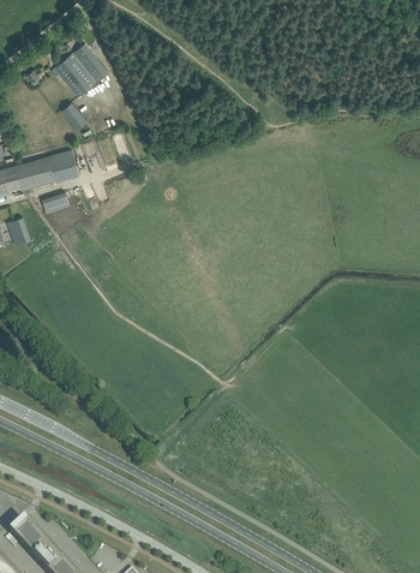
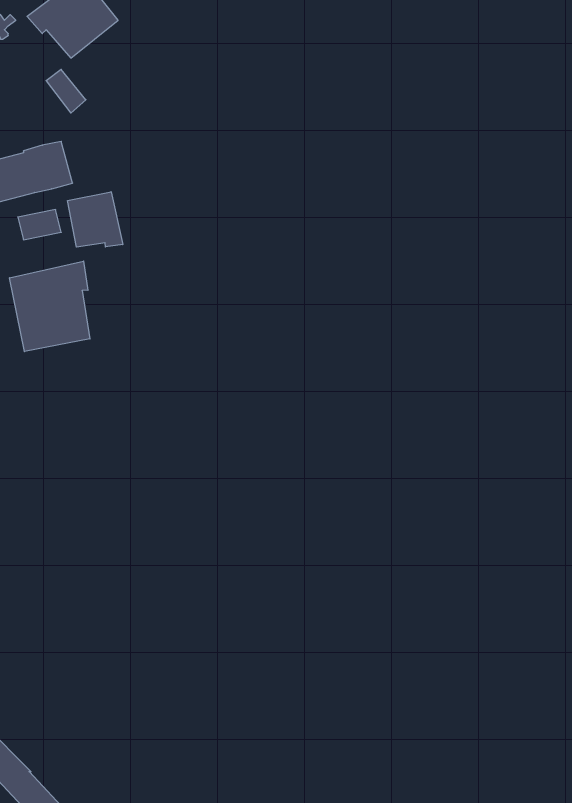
building: none -> [68,192,123,247]
building: none -> [10,261,90,352]

